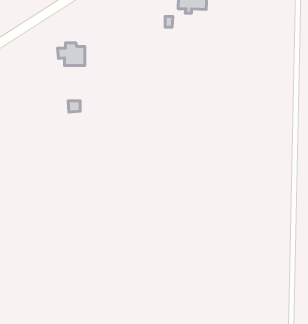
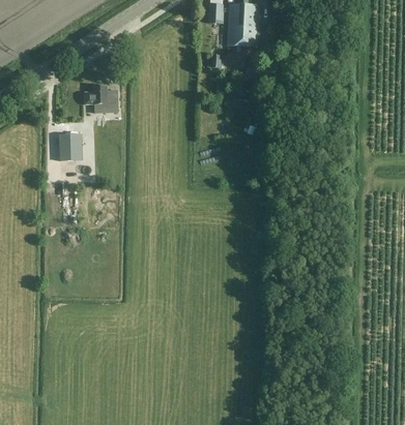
building: none -> [59,132,81,159]

